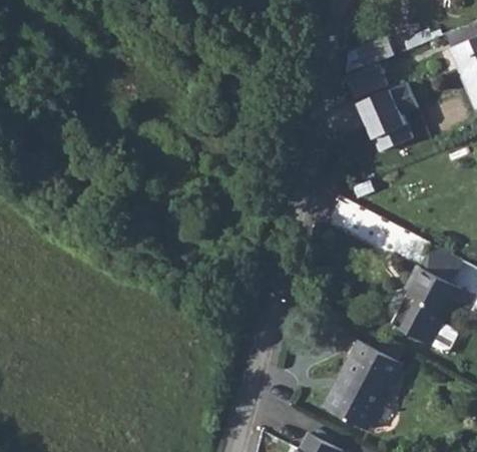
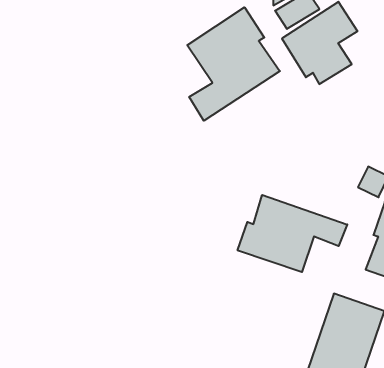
building: none -> [187,7,280,121]
building: none -> [238,195,347,272]

